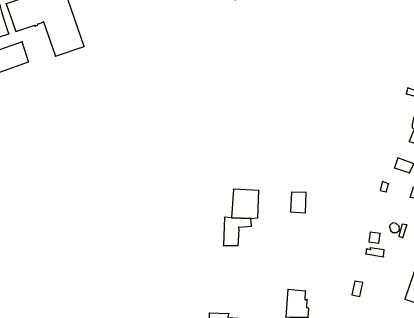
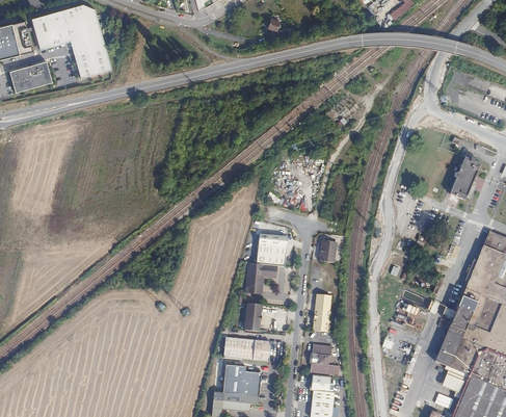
building: none -> [312,293,331,332]
building: none -> [245,303,263,331]
building: none -> [224,335,271,360]

